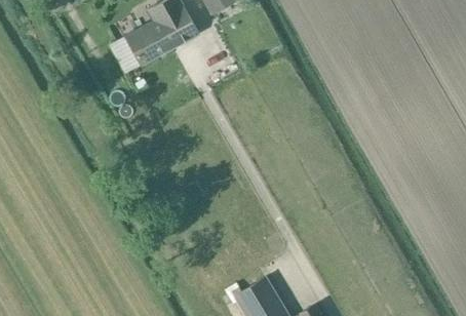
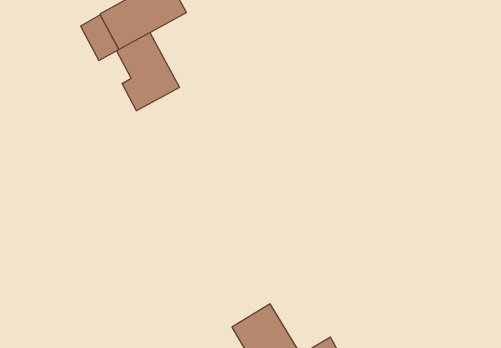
building: none -> [117,33,179,111]

